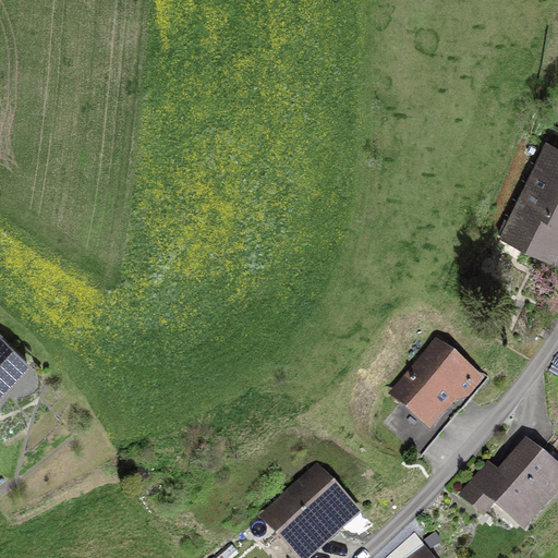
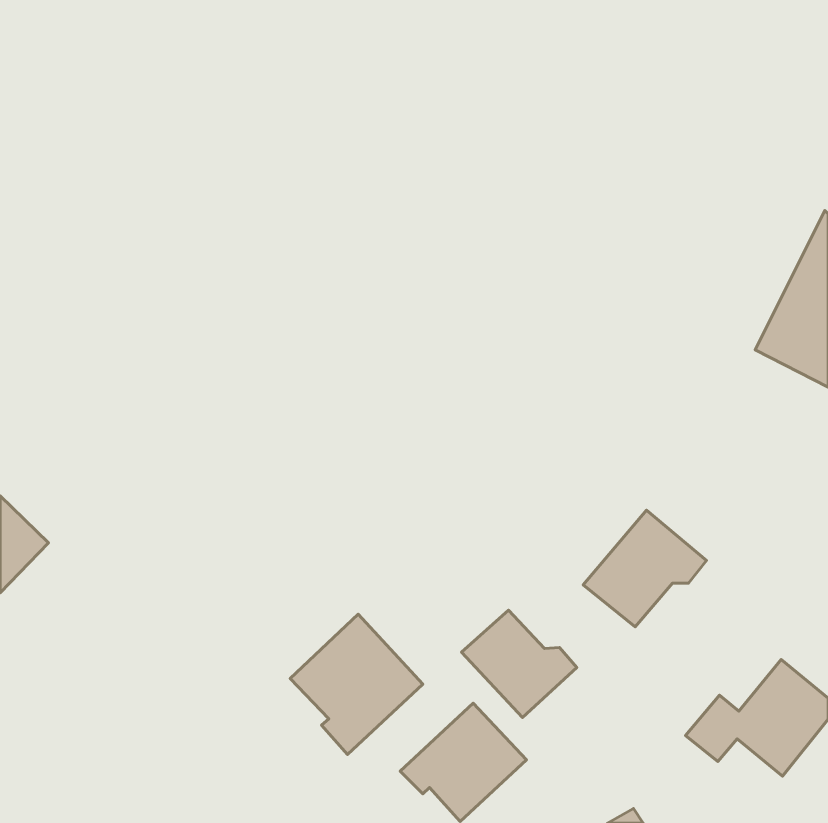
building: none -> [462,610,577,717]
building: none -> [290,614,423,754]

